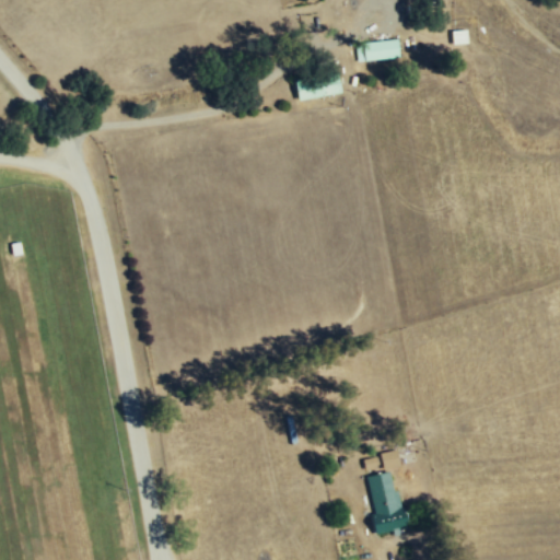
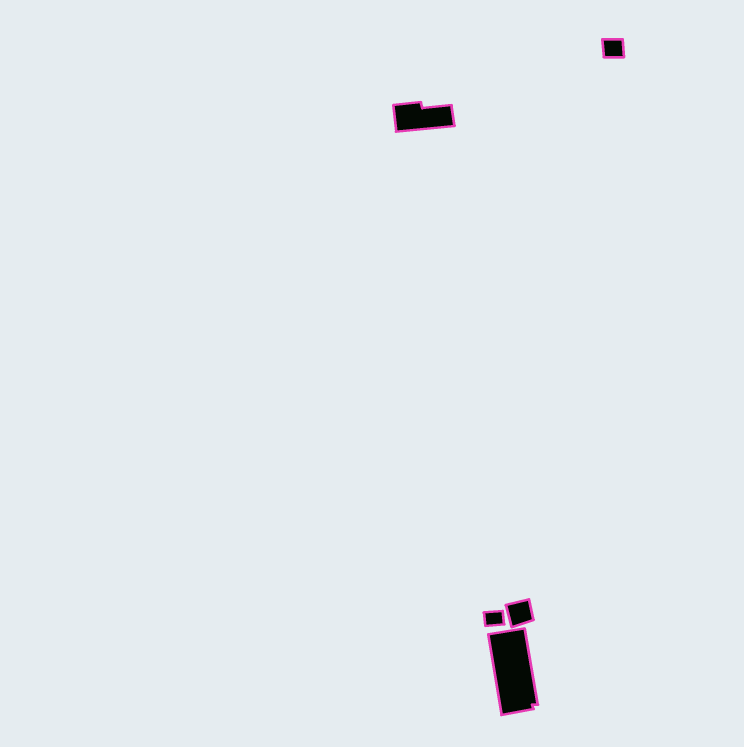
building: [357,38,401,61] -> none

